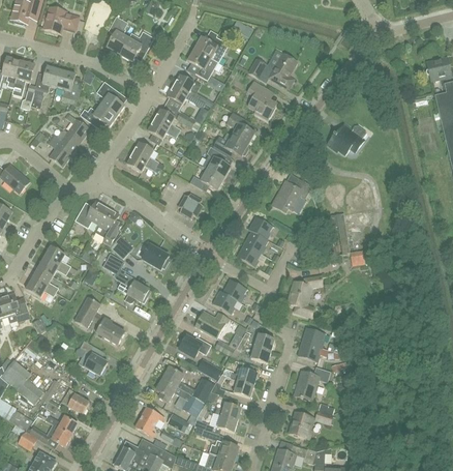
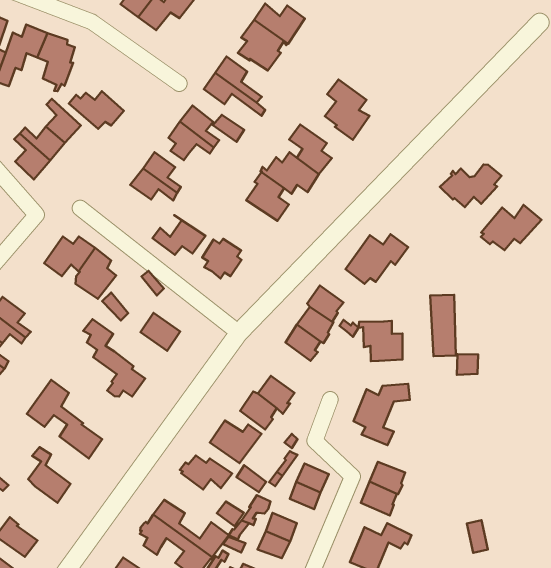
building: [247,53,296,88] -> none
building: [95,81,124,116] -> none
building: none -> [481,205,542,250]
building: [189,166,223,192] -> [153,215,205,255]
building: none -> [358,321,403,361]

